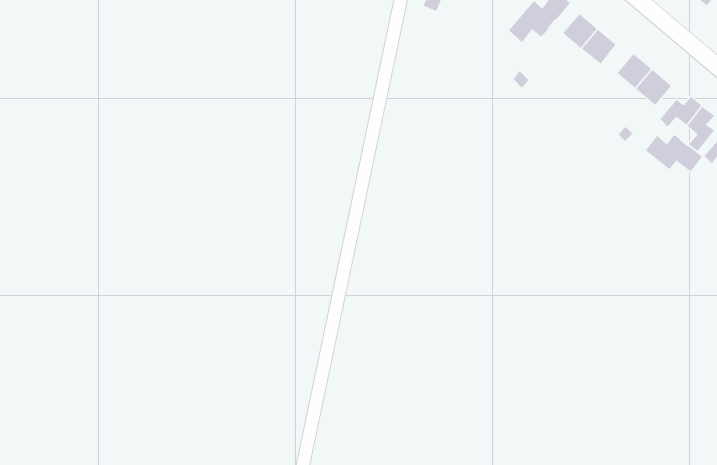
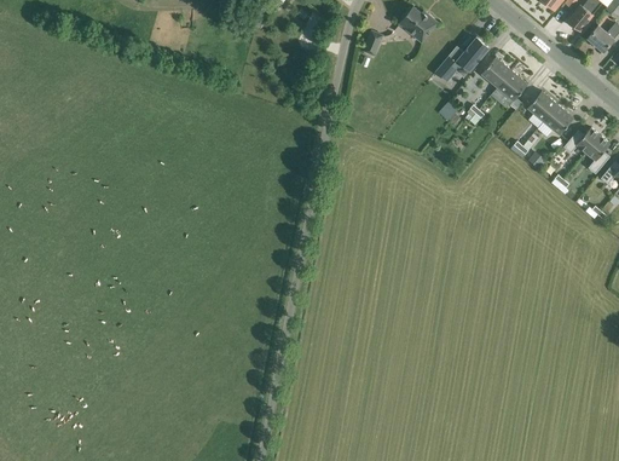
building: [645,134,703,172] -> none

